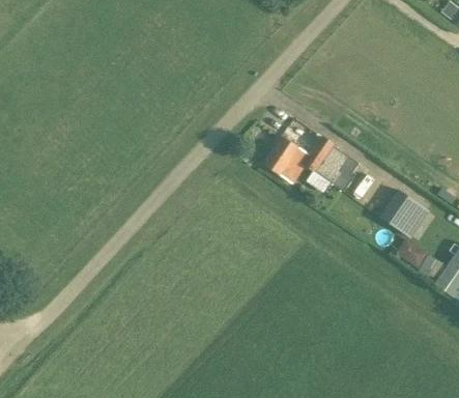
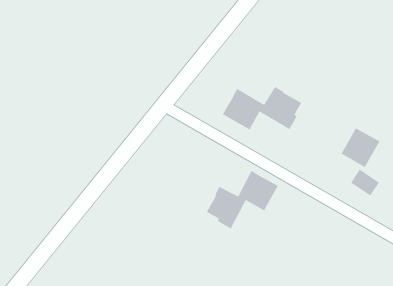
building: none -> [206,170,279,229]

